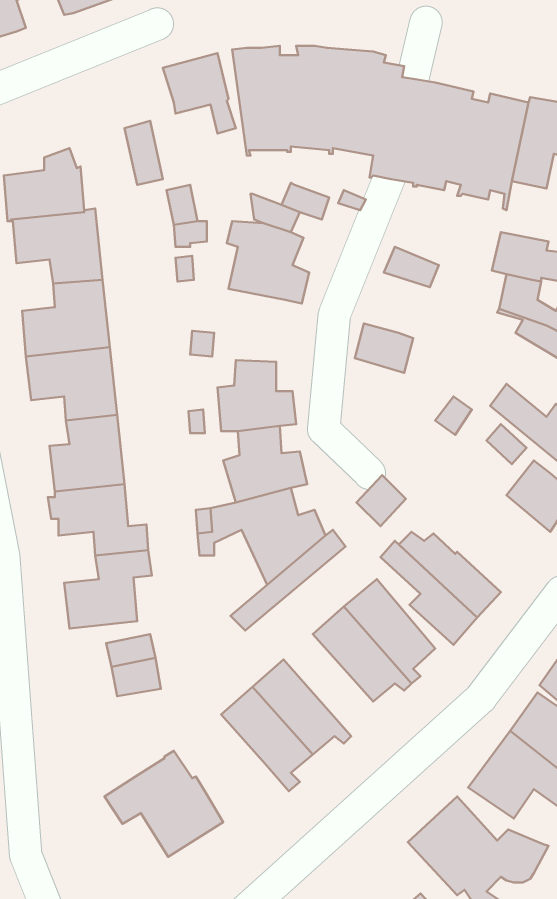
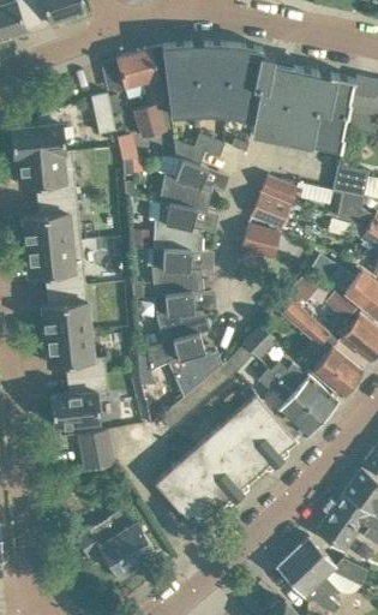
building: none -> [133,103,166,138]
building: none -> [250,192,290,229]
building: none -> [149,201,203,252]
building: none -> [281,301,364,398]
building: none -> [194,430,253,497]

